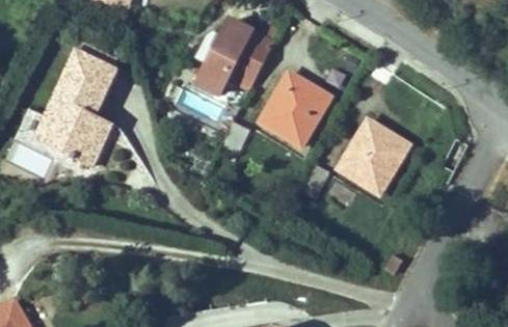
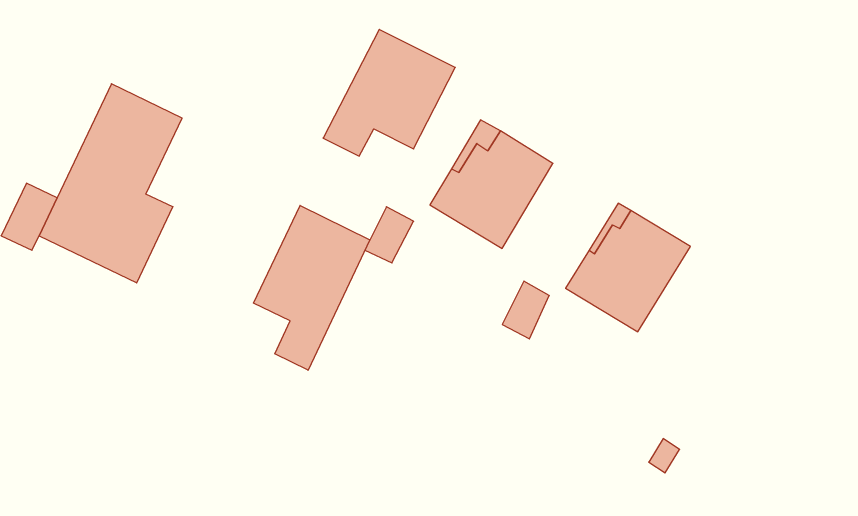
building: none -> [254,205,370,370]

